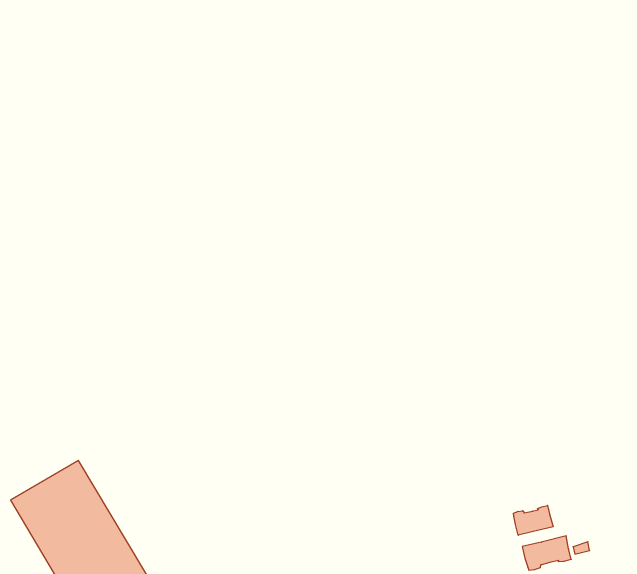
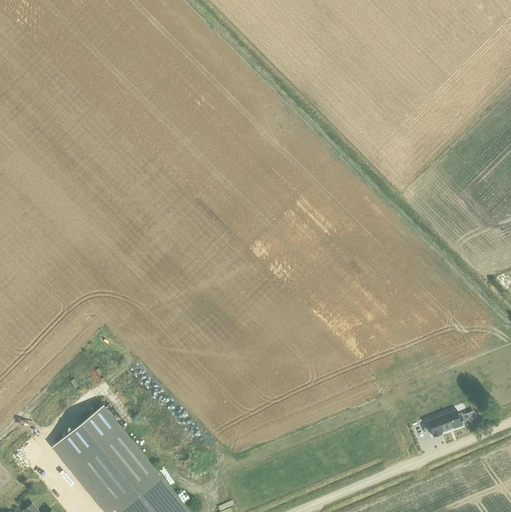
building: [513,505,553,535] -> none

